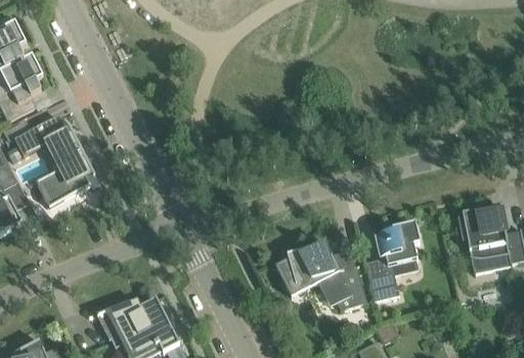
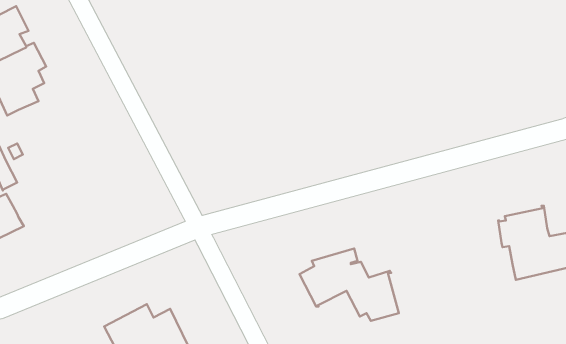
building: [15,117,93,209] -> none
building: [366,222,420,301] -> none

